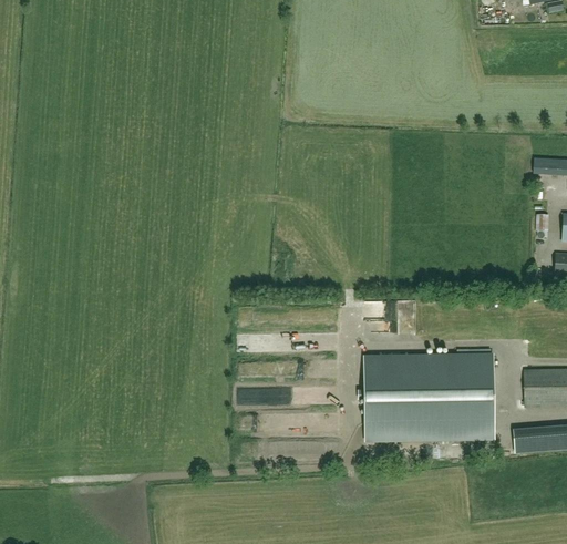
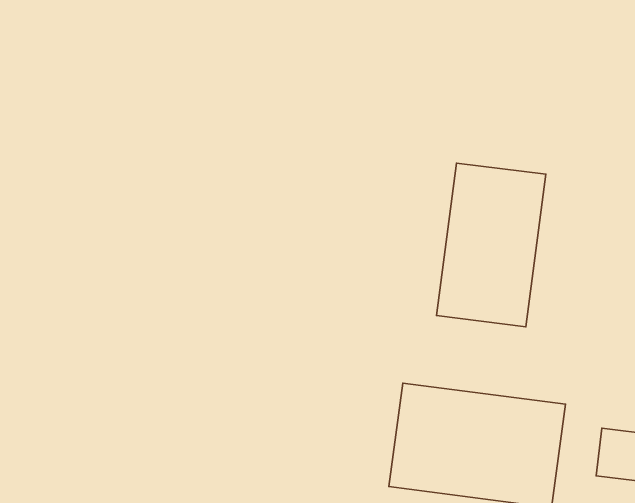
building: none -> [437,163,546,327]

